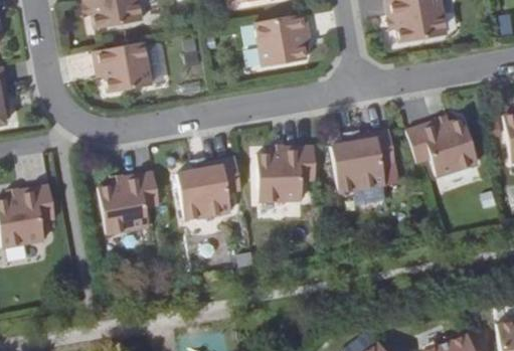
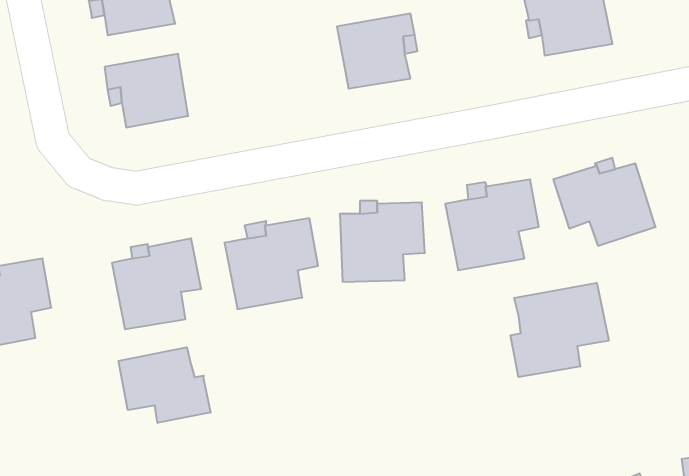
building: none -> [510,283,609,377]
building: none -> [118,347,211,423]

